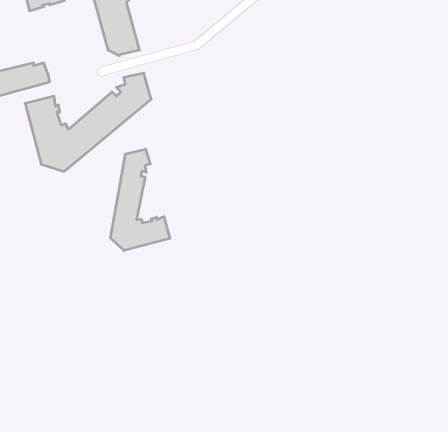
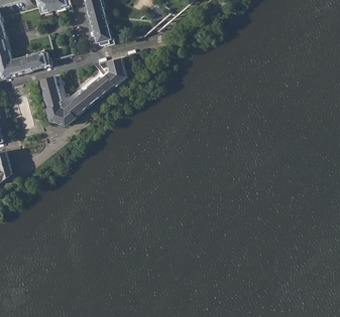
building: [111,149,170,251] -> none

